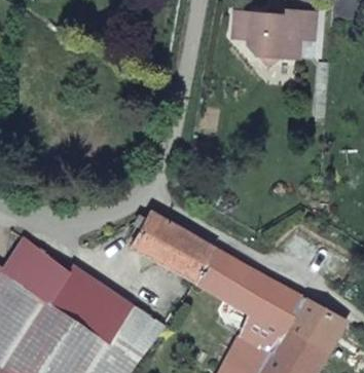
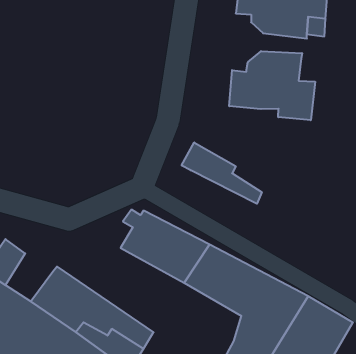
building: none -> [229,51,315,120]
building: none -> [182,142,262,204]
building: [23,255,67,300] -> none

